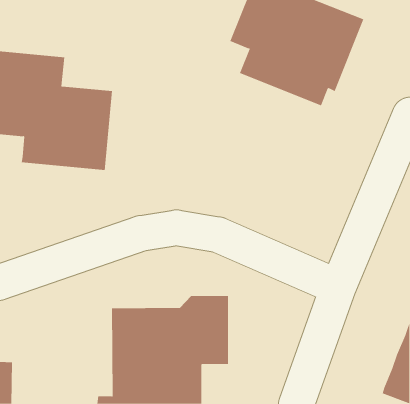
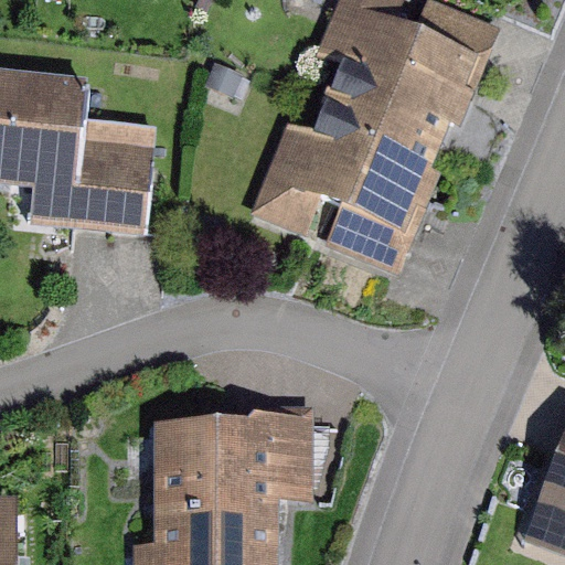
building: none -> [250,100,440,275]

